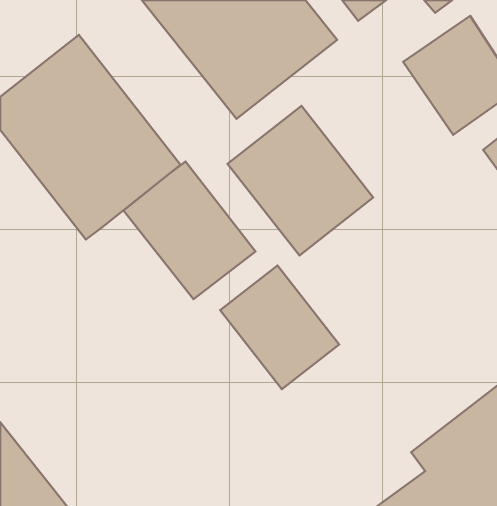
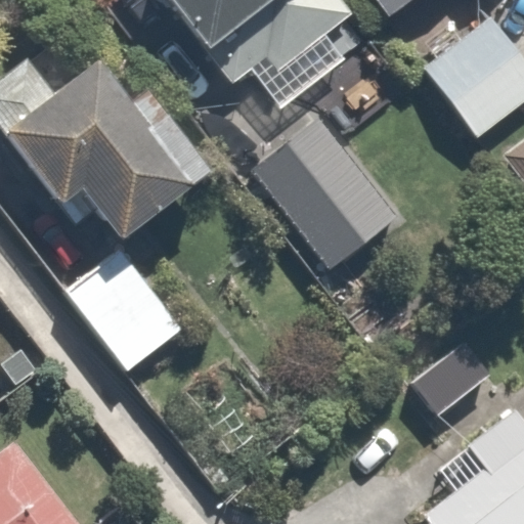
building: [124,162,255,299] -> [54,237,189,379]
building: [220,266,339,389] -> none

